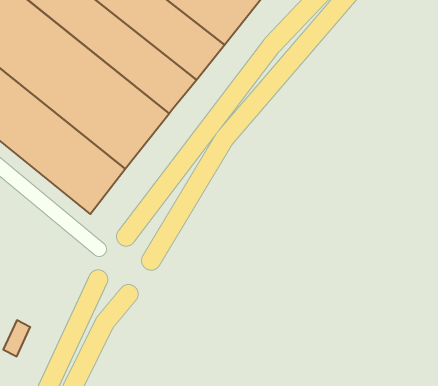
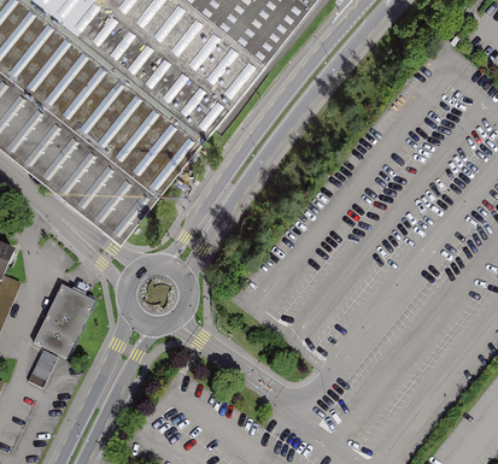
building: none -> [34,284,94,357]

